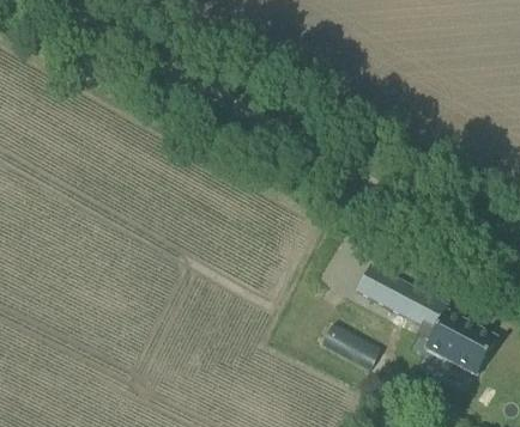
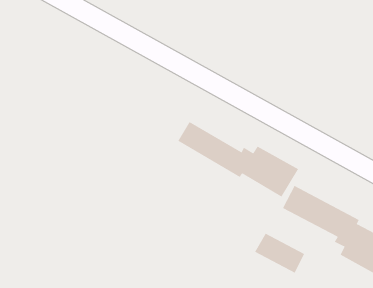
building: none -> [178,121,299,198]

